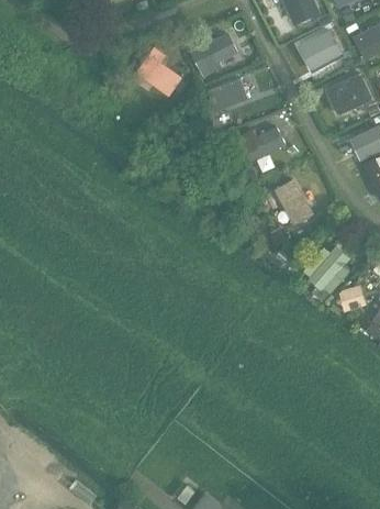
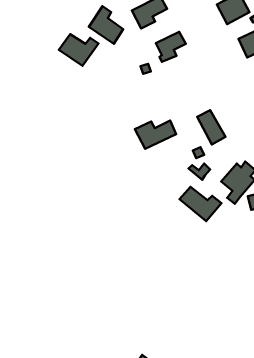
building: none -> [59,34,98,66]
building: [232,126,284,163] -> [135,121,176,149]
building: none -> [179,187,221,221]

